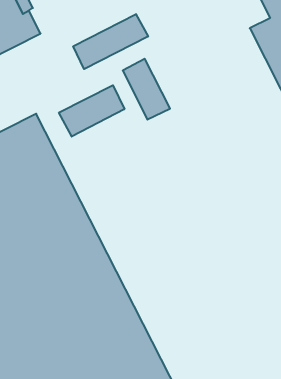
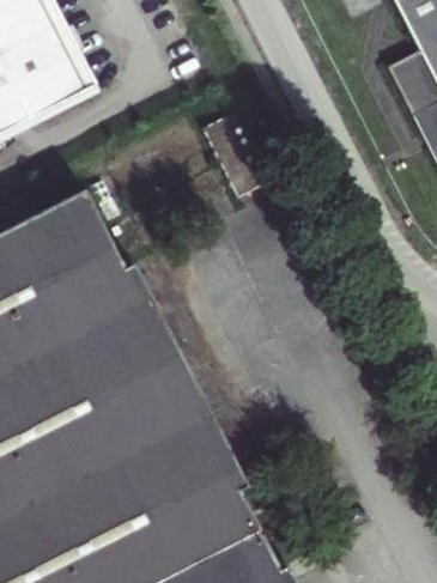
building: [73,14,148,69] -> none
building: [59,85,124,137] -> none

